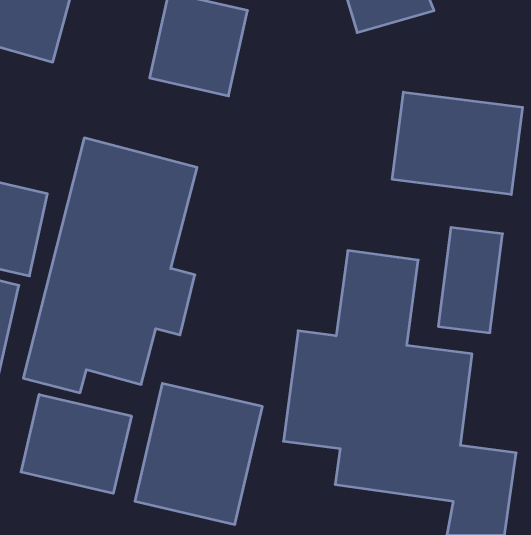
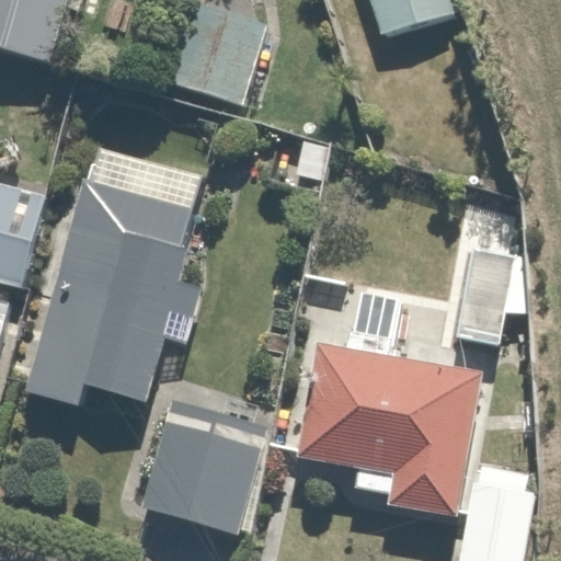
building: [392,92,523,195] -> none
building: [21,394,131,493] -> none

